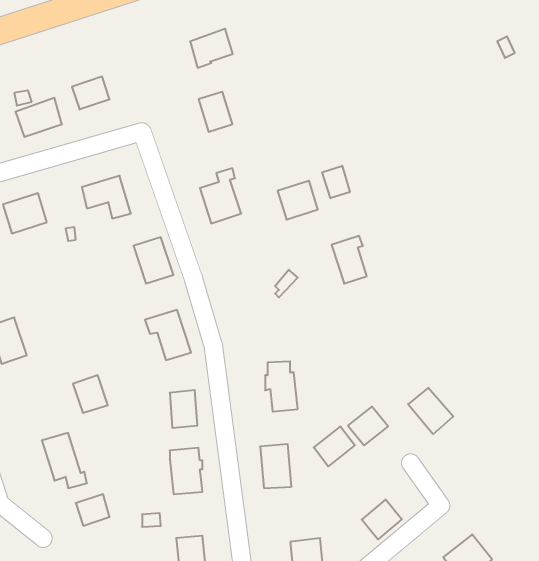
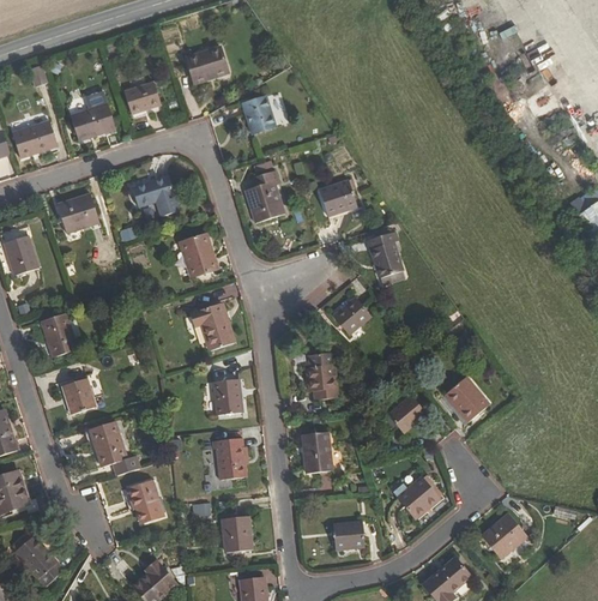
building: [190,29,233,68] -> [186,44,226,82]
building: [322,166,350,198] -> none
building: none -> [333,298,369,333]
building: [73,375,108,413] -> [65,377,98,413]
building: [314,426,355,466] -> none

